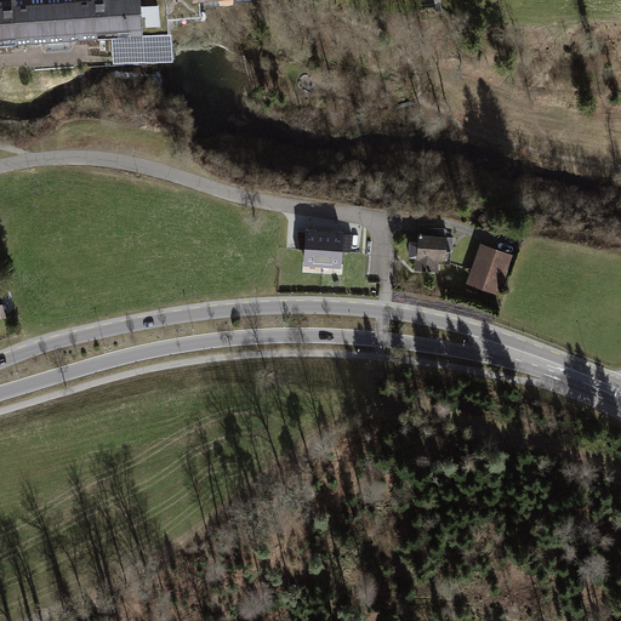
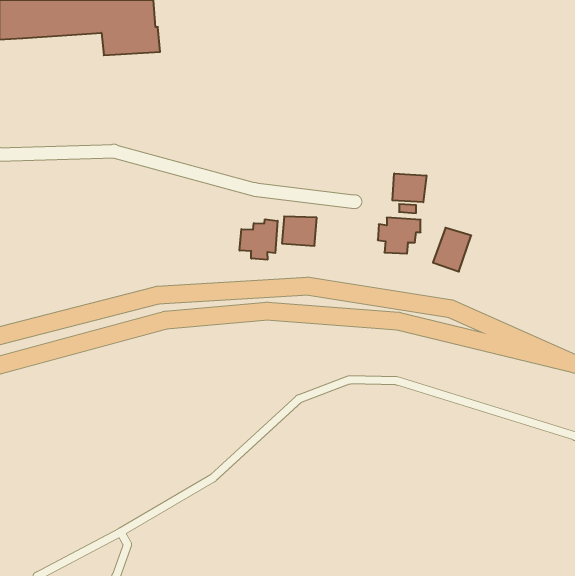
building: none -> [392,173,426,202]
building: none -> [240,219,278,260]

